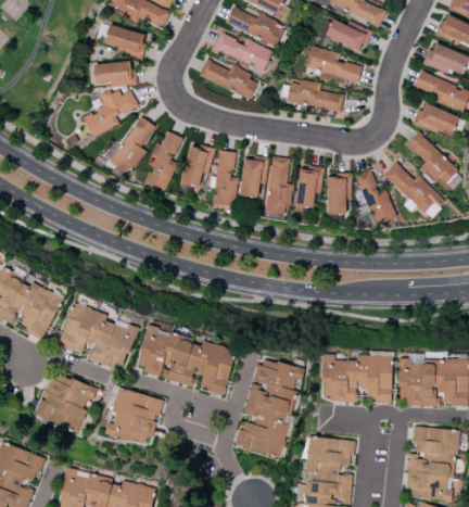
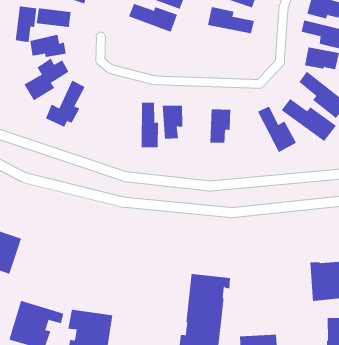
building: none -> [15,6,37,43]
building: [200,60,257,99] -> none
building: [287,80,344,112] -> none
building: [145,131,183,190] -> none
building: [181,143,215,190] -> none
building: [267,156,293,214] -> none
building: [328,174,352,215] -> none
building: [60,304,138,369] -> none
building: [138,328,236,394] -> none
building: [324,354,393,403] -> none

